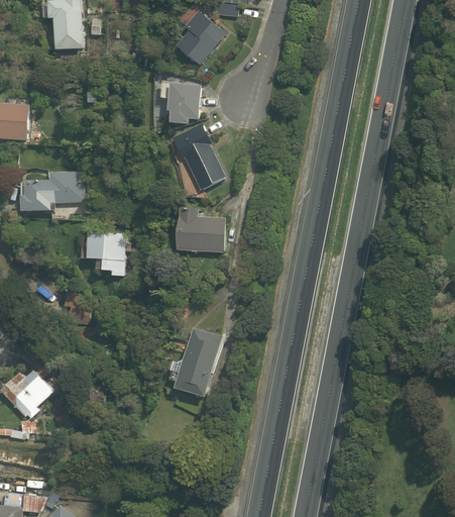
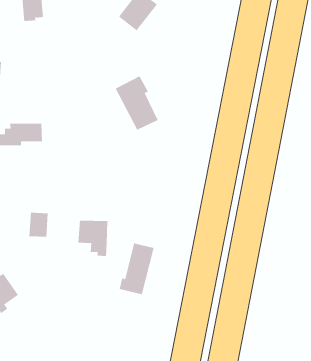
building: [168,84,201,122] -> none
building: [179,200,227,252] -> none
building: [87,230,125,276] -> [78,220,108,257]

